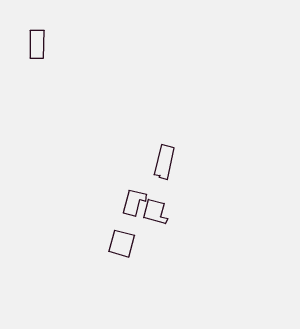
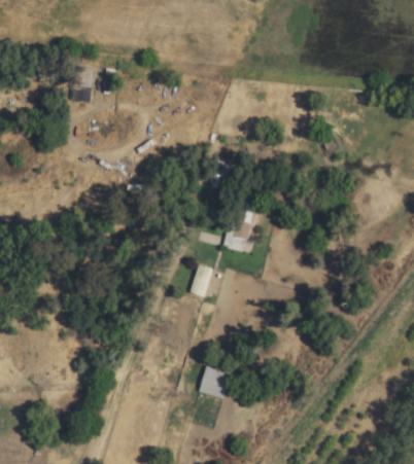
building: [144,199,168,224] -> none
building: [109,230,135,257] -> [199,365,231,398]

